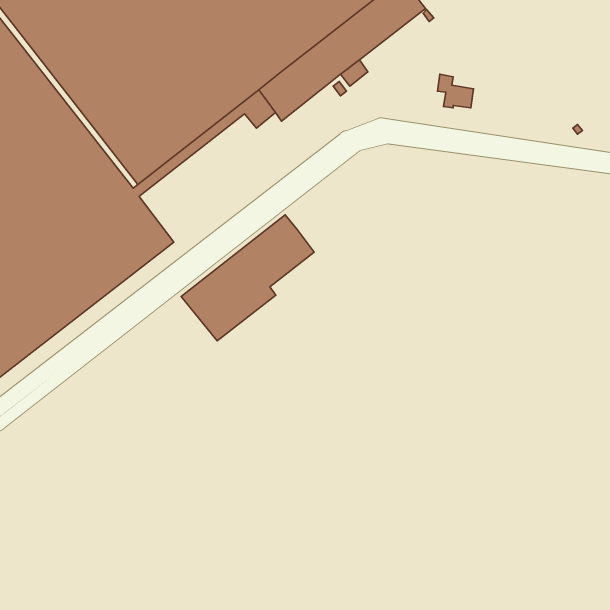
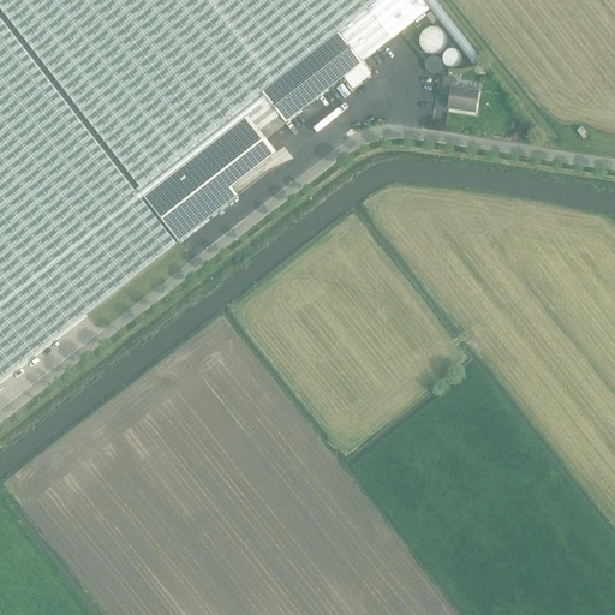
building: [181,215,314,341] -> [141,114,274,240]

